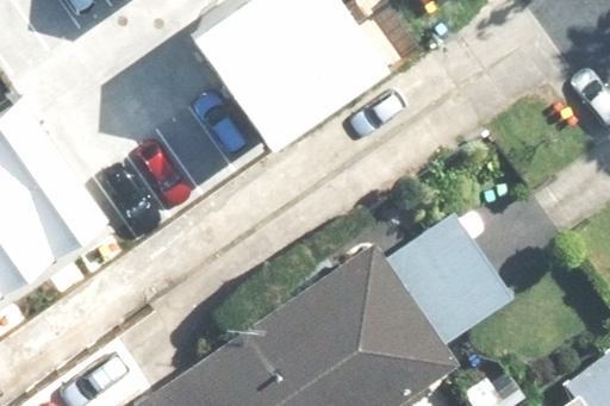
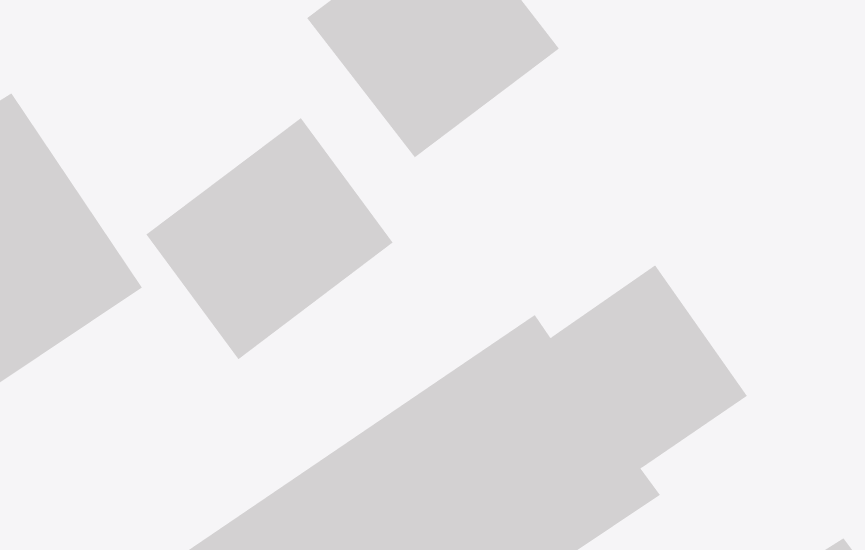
building: none -> [146,117,393,360]

